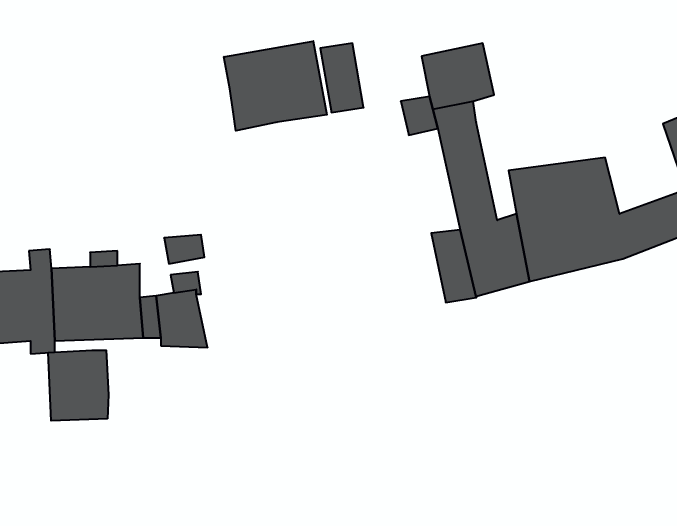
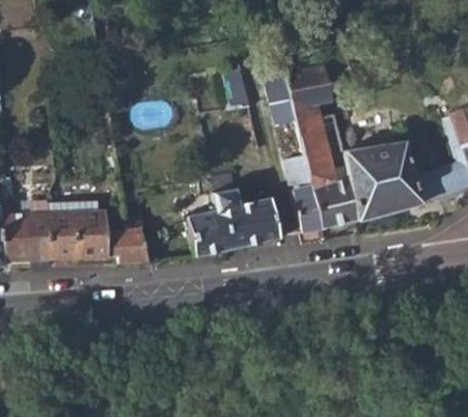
building: [224,41,327,131] -> none
building: none -> [187,172,281,257]
building: [48,350,109,421] -> none

